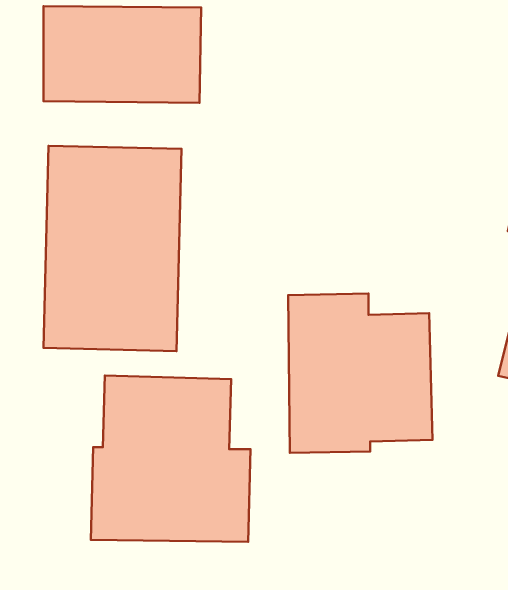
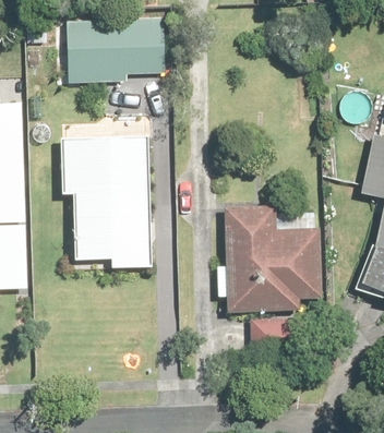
building: [91,375,250,542] -> none

